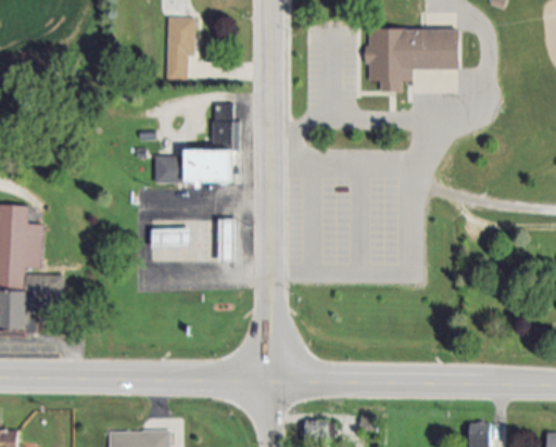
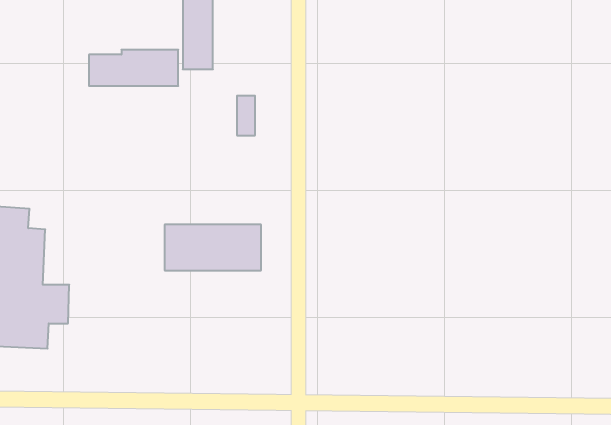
building: [367,29,460,91] -> none
building: [154,150,235,182] -> [89,50,178,86]

